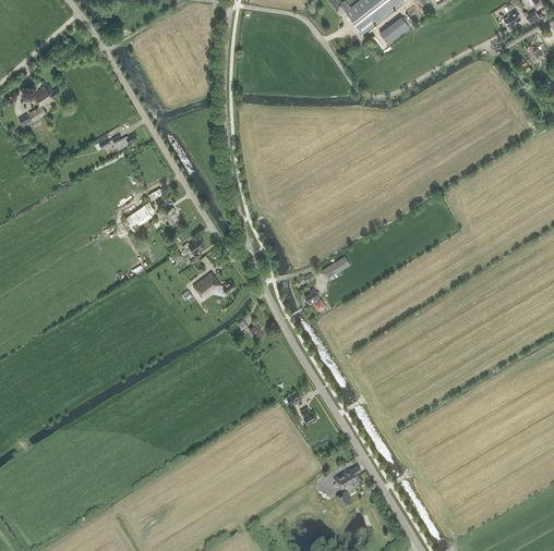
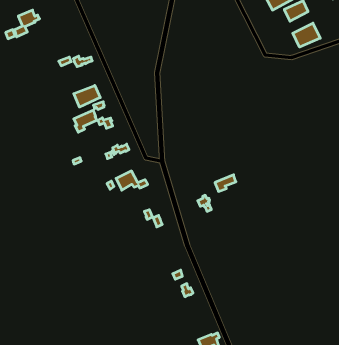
building: none -> [293,23,320,47]
building: none -> [74,85,100,107]

